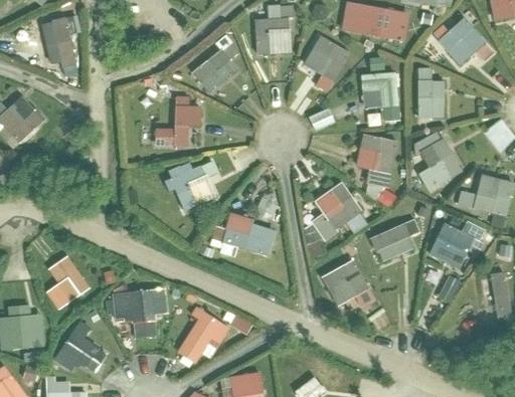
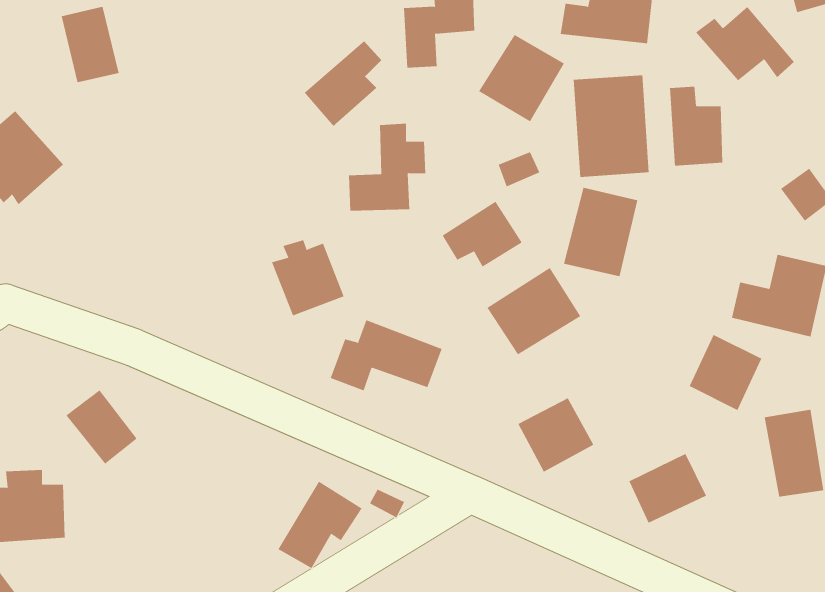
building: [154,93,202,148] -> [348,123,426,211]
building: [415,133,463,182] -> none
building: none -> [442,201,523,268]
building: [368,220,416,263] -> [629,453,707,523]
building: [116,287,176,335] -> none
building: [49,324,104,376] -> none

